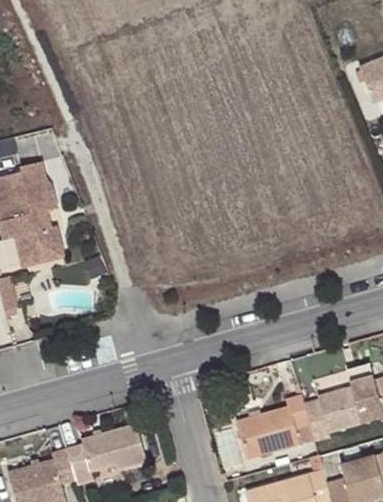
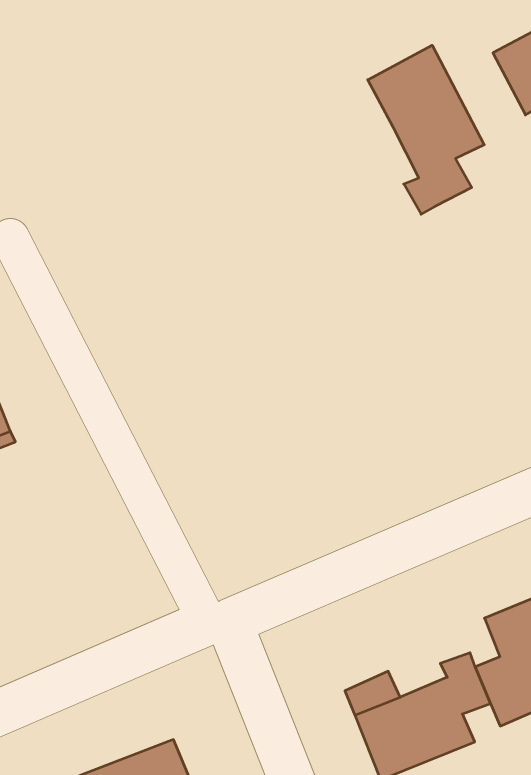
building: none -> [368,45,484,214]

